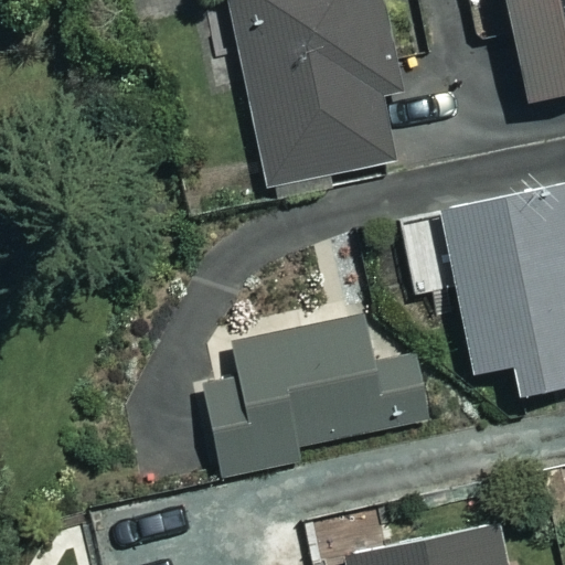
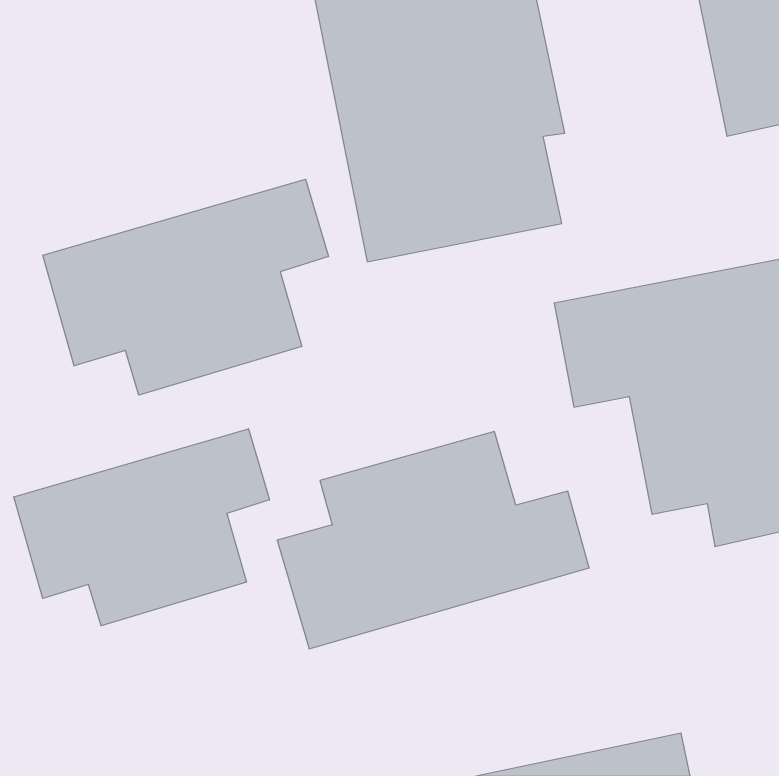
building: none -> [43,179,328,395]
building: none -> [14,429,270,626]

